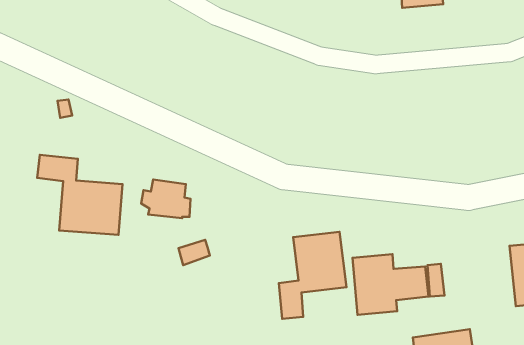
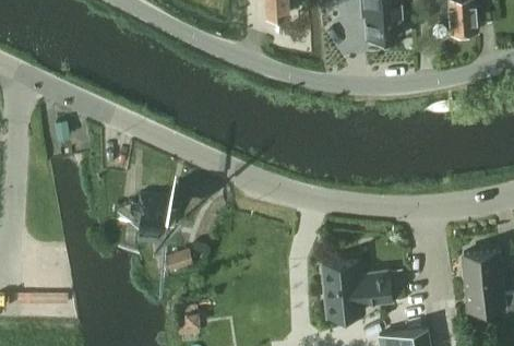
building: [37,155,123,235] -> none
building: [279,232,346,319] -> none

